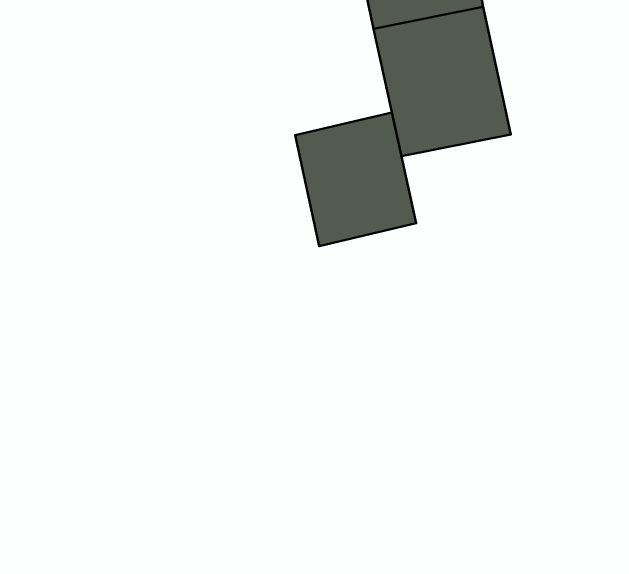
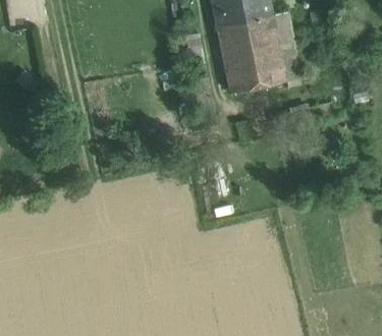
building: [295,112,416,246] -> none

